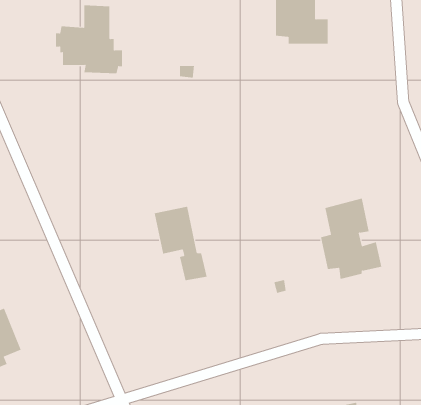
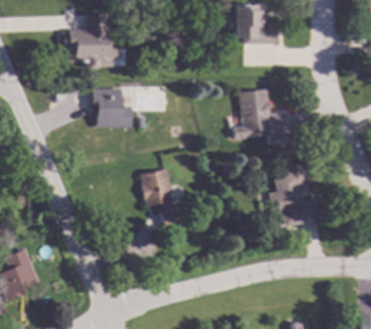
building: none -> [92,88,132,126]
building: none -> [233,89,289,143]

